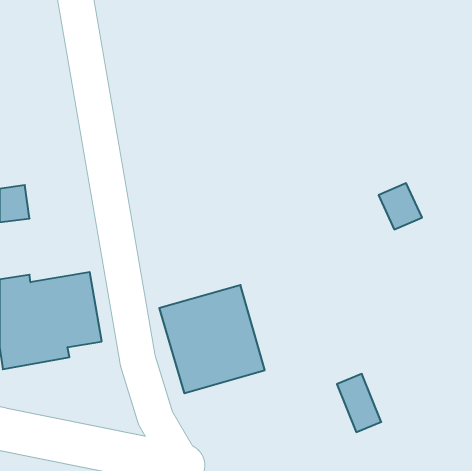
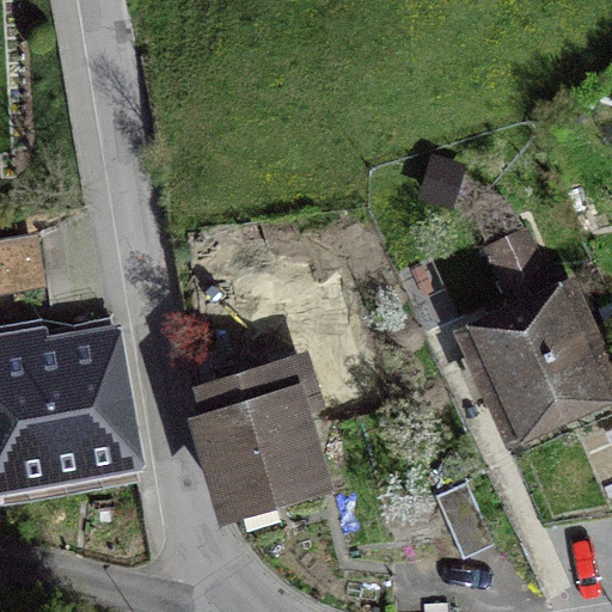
building: none -> [463,295,605,430]

